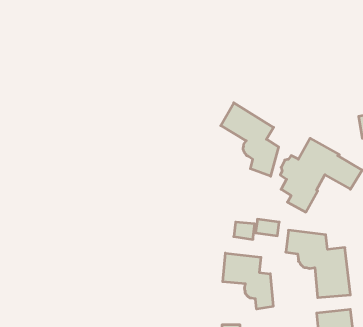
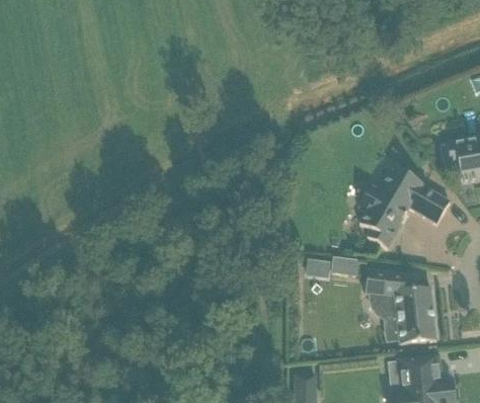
building: [221,103,279,176] -> none
building: [223,253,273,309] -> none

